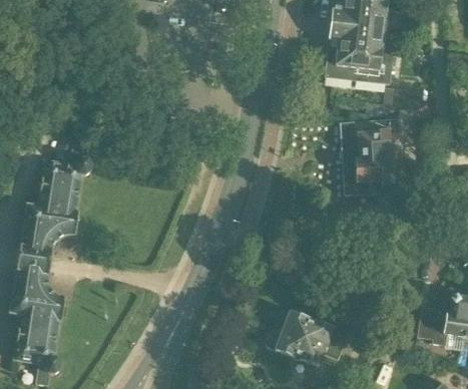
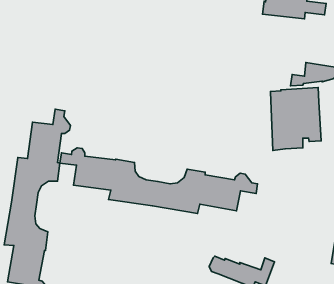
building: [324,26,394,83] -> none
building: none -> [60,148,258,213]
building: [271,309,349,344] -> none

